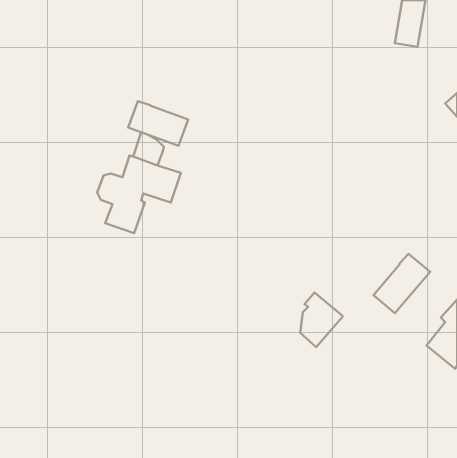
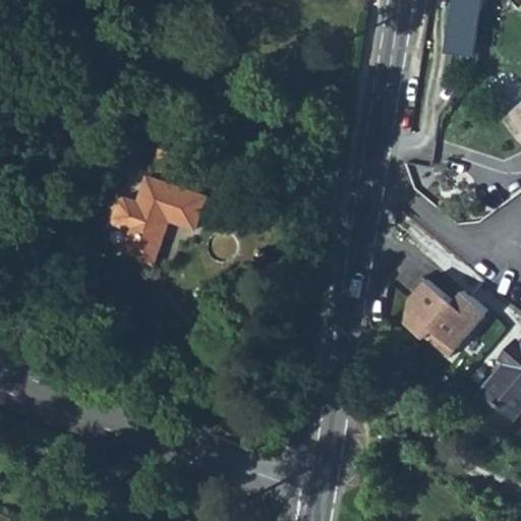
building: [128,101,188,146] -> none
building: [300,292,342,347] -> [404,274,452,336]

